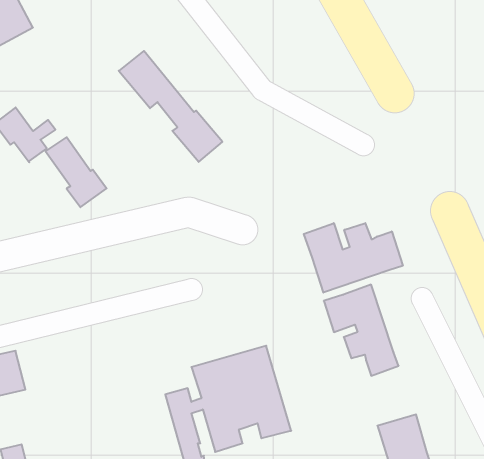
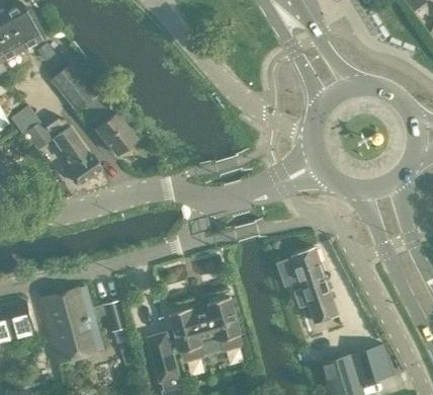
building: [119,51,222,162] -> [52,65,136,155]
building: [304,223,403,293] -> none
building: none -> [39,287,132,363]
building: none -> [352,342,394,384]

